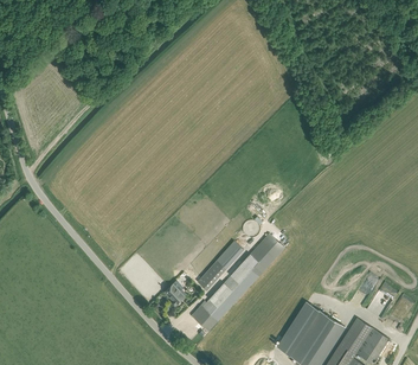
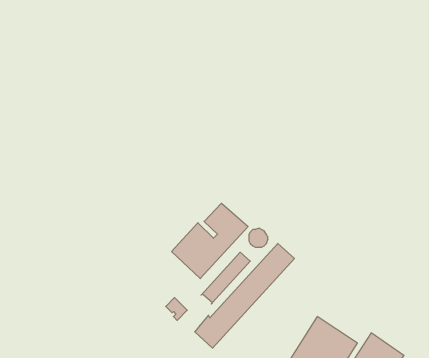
building: none -> [172,203,248,279]

